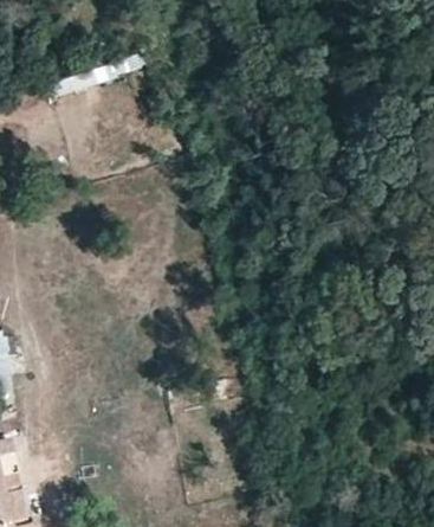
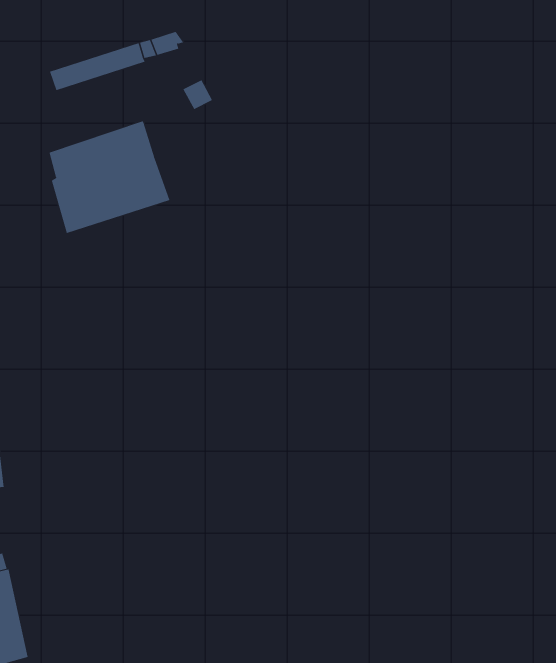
building: none -> [49,120,170,234]

